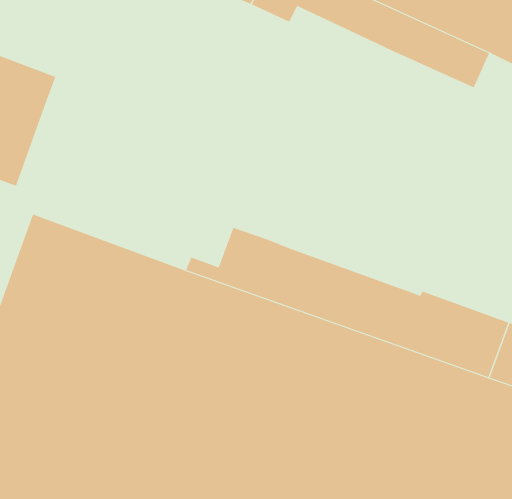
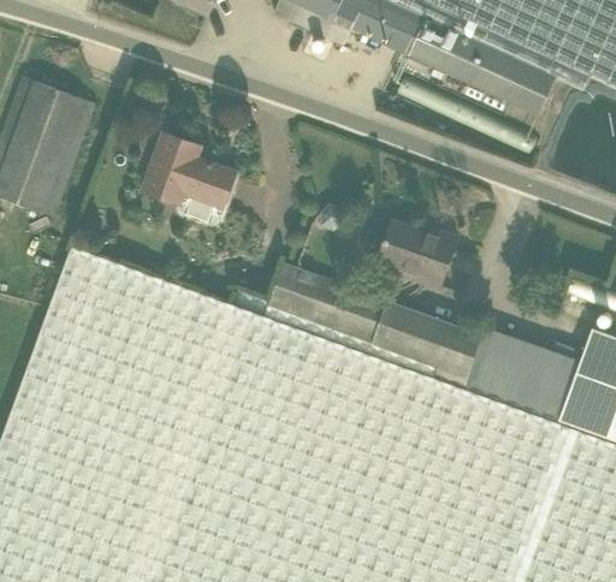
building: none -> [144,132,237,221]
building: none -> [379,220,458,287]

